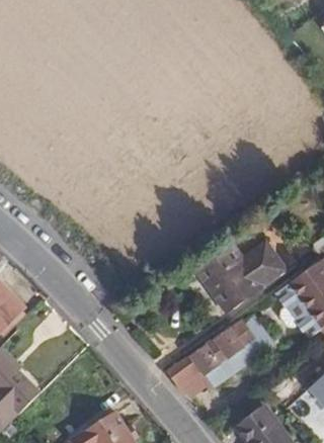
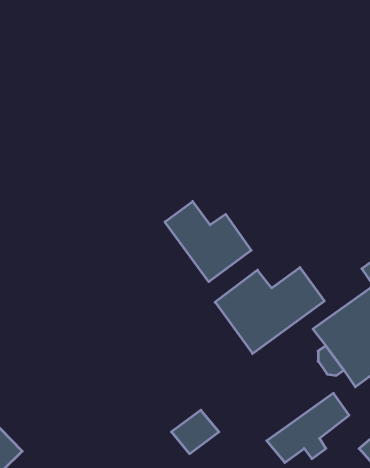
building: none -> [165,201,251,282]
building: [184,321,249,375] -> [267,393,349,463]

